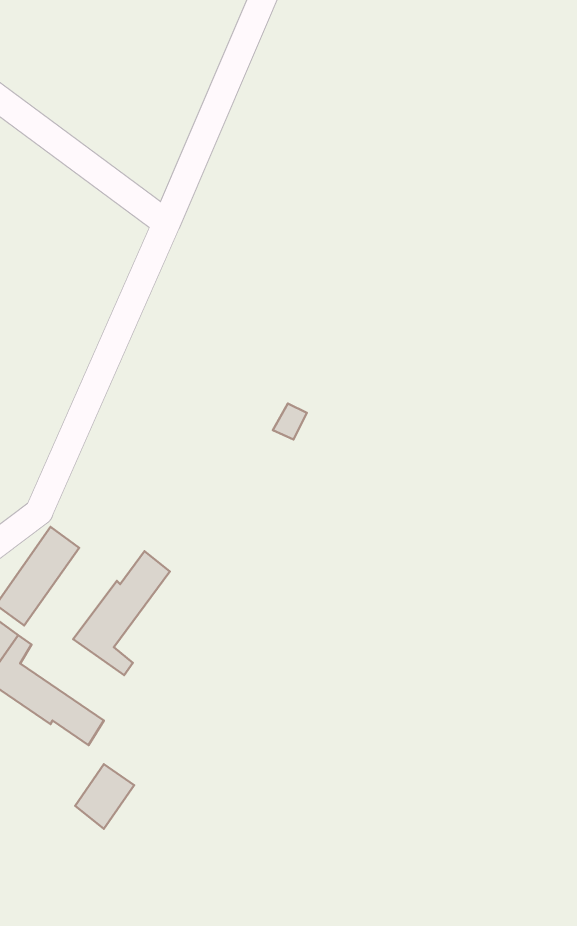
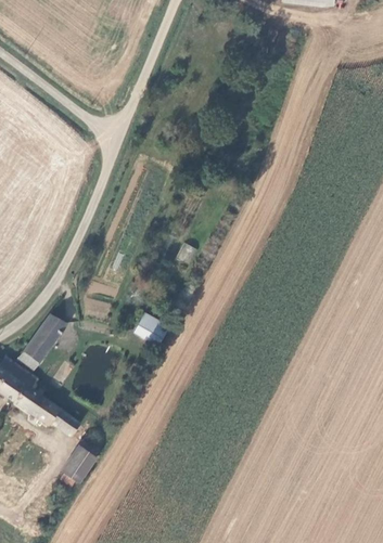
building: none -> [132,311,165,340]
building: [73,551,170,675] -> none

